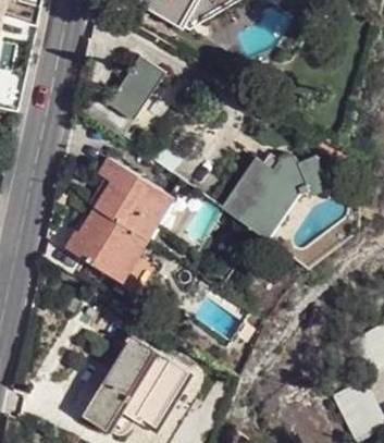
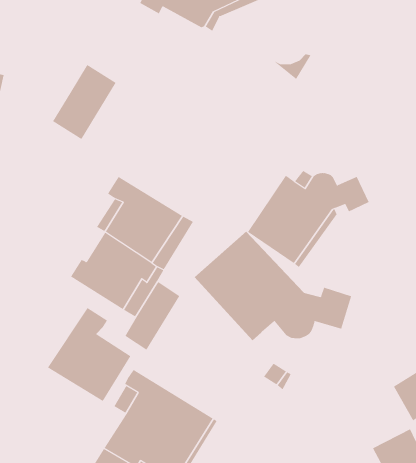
building: [108,54,164,121] -> [52,64,117,140]
building: none -> [194,231,352,341]
building: none -> [47,307,131,402]

